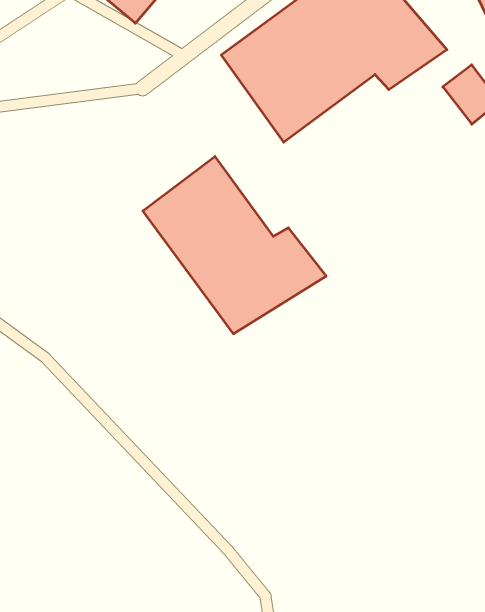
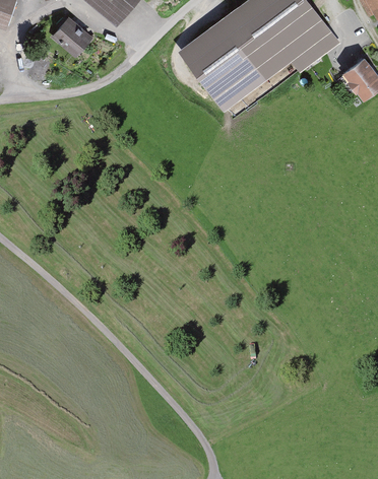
building: none -> [50,15,96,61]
building: [143,156,326,334] -> none

